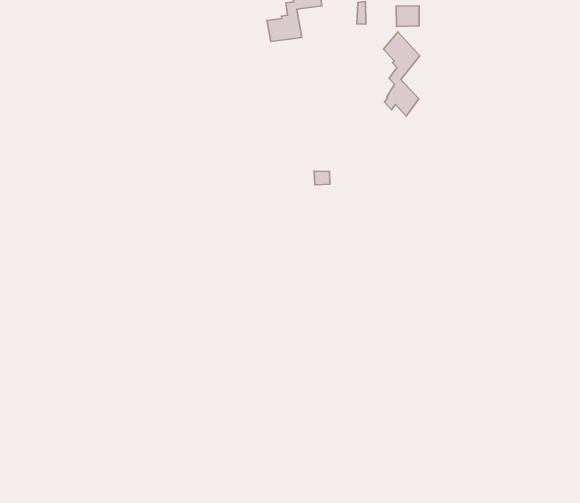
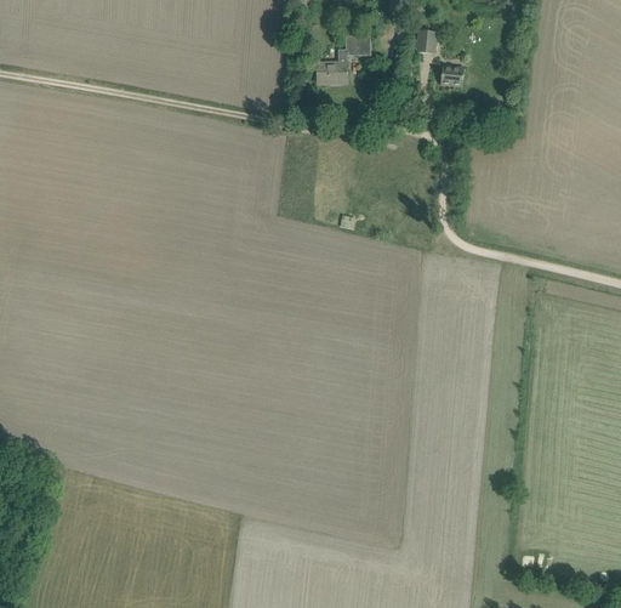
building: [383,32,420,116] -> none

